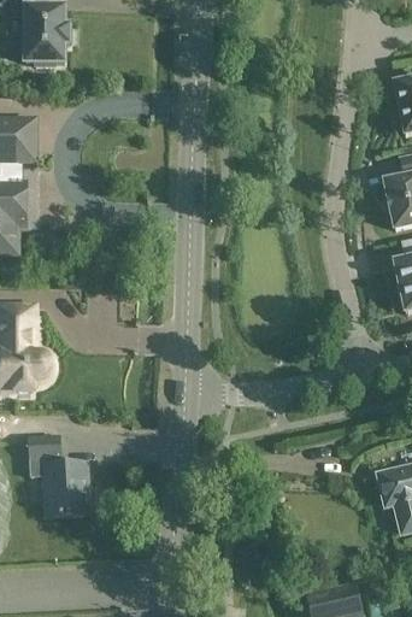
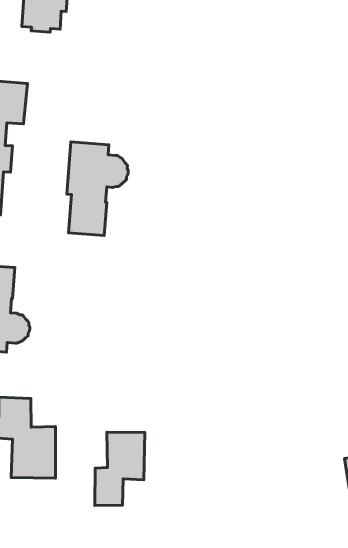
building: none -> [67,142,128,236]
building: none -> [95,432,145,505]

